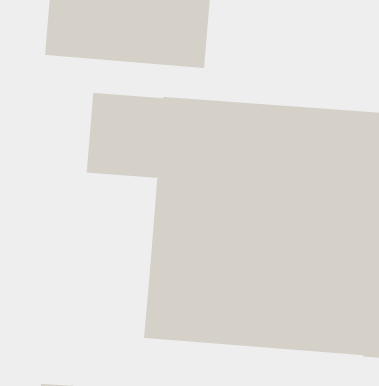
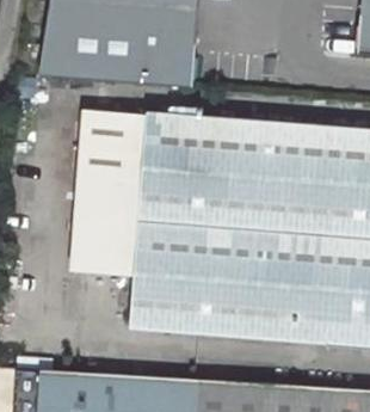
building: none -> [74,180,143,275]

